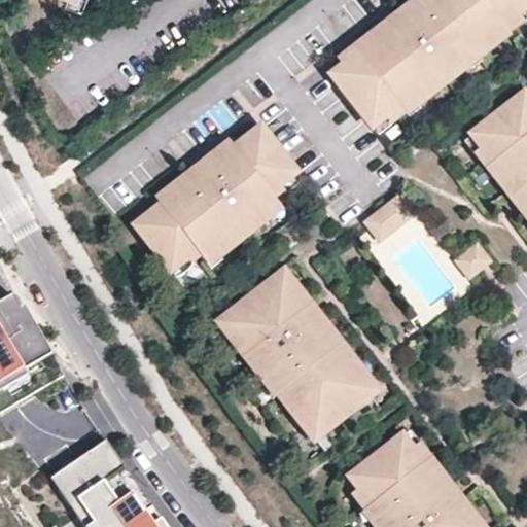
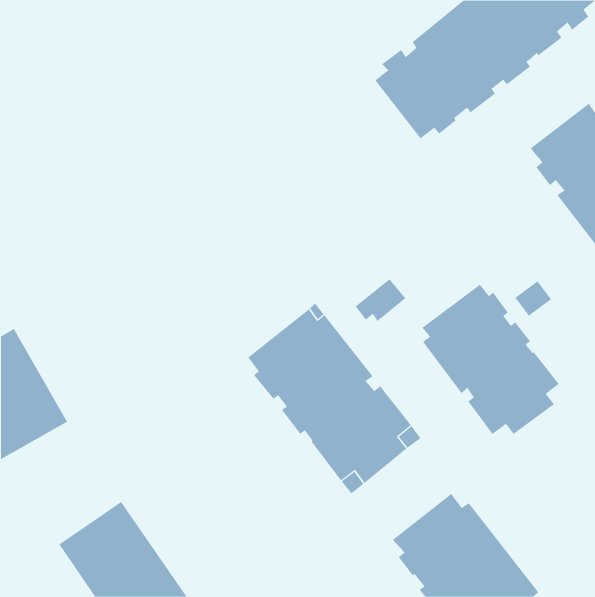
building: [132,124,291,267] -> none
building: [364,198,410,236] -> [355,278,406,322]
building: none -> [421,284,559,435]

